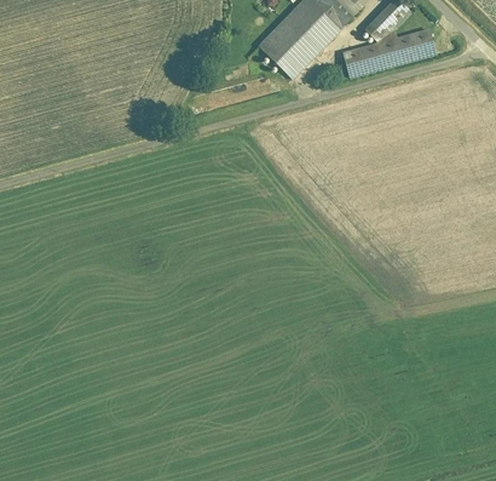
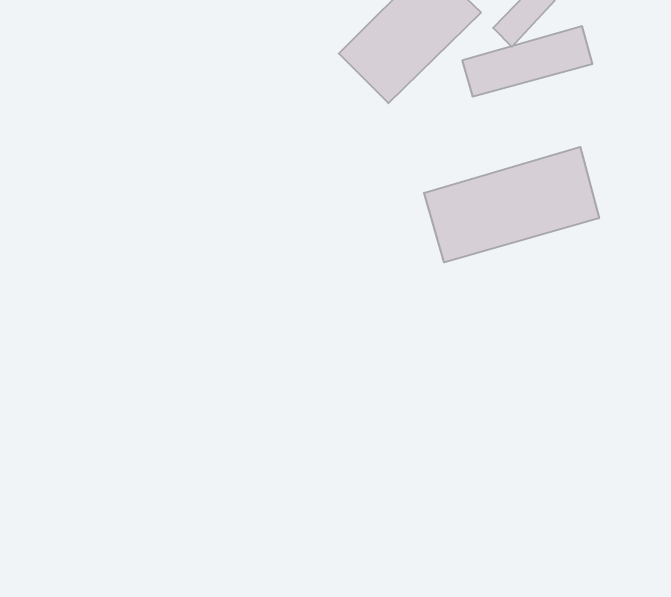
building: none -> [424,147,599,262]

